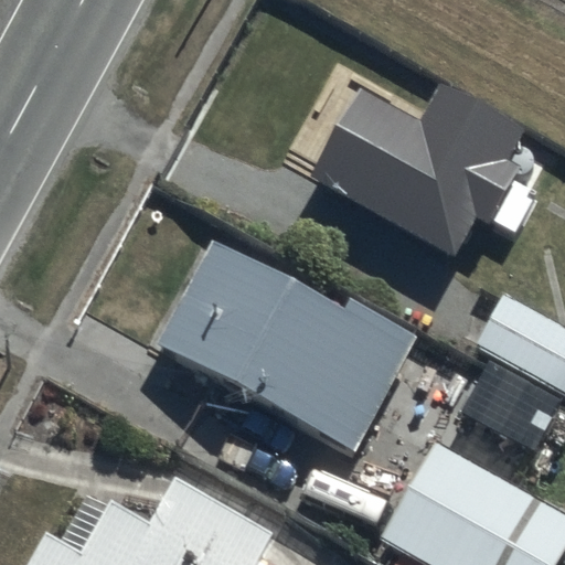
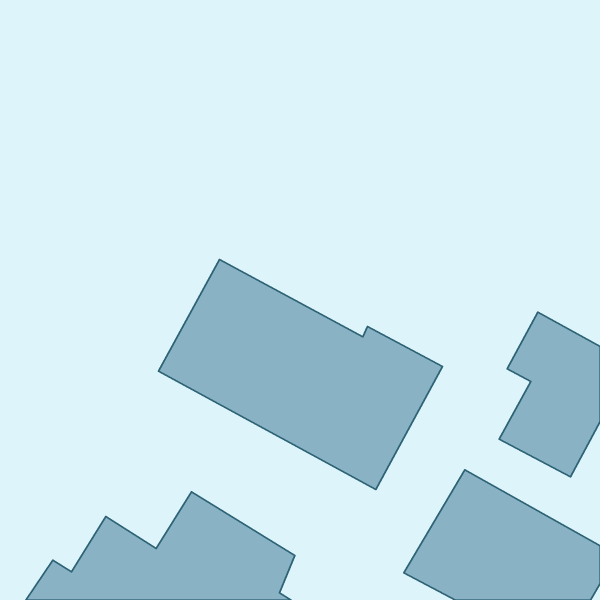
building: [313,82,531,252] -> none

